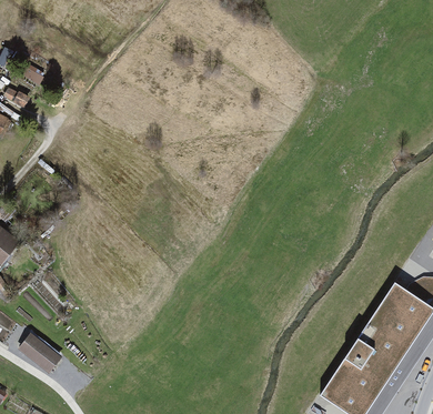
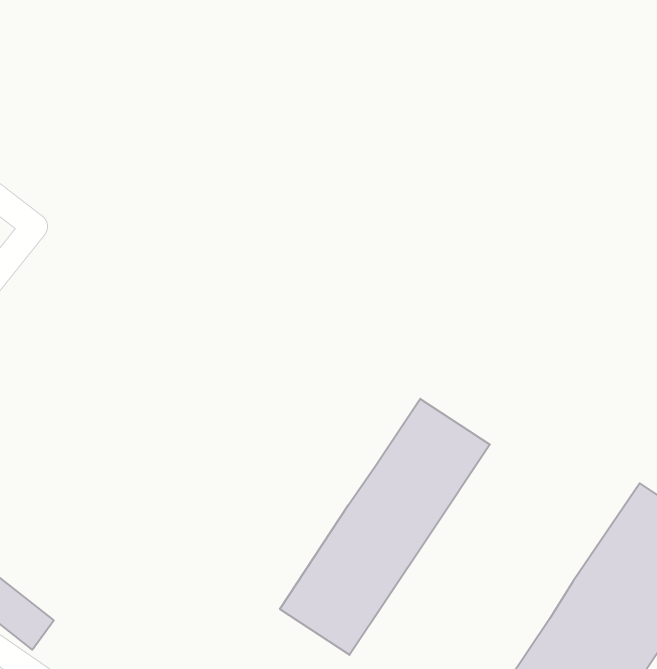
building: none -> [280,399,490,655]

